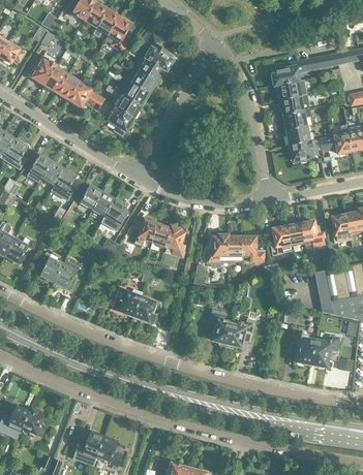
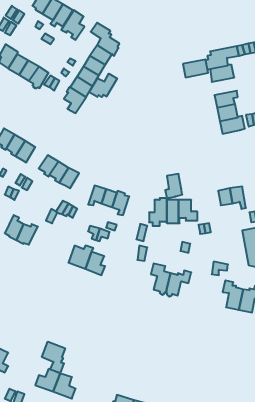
building: none -> [90,74,117,97]
building: [279,95,308,116] -> [183,59,208,77]
building: [271,226,291,254] -> [165,174,182,198]
building: none -> [42,342,65,373]

